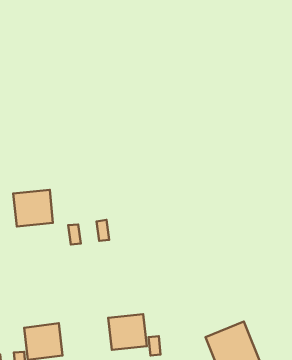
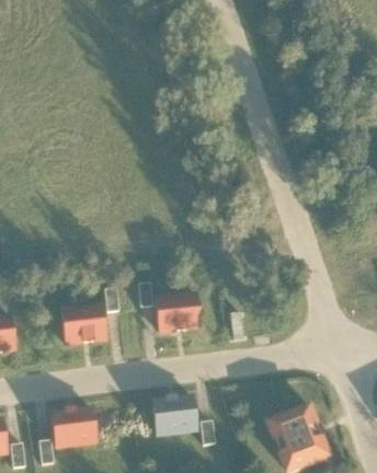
building: [13,190,53,226] -> [59,301,106,345]
building: none -> [153,289,201,333]

